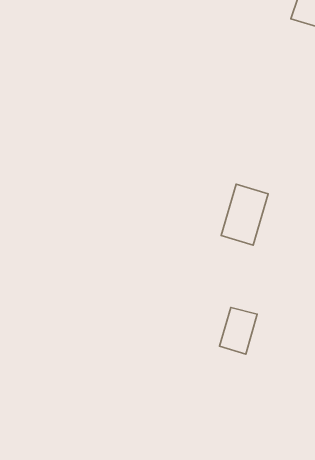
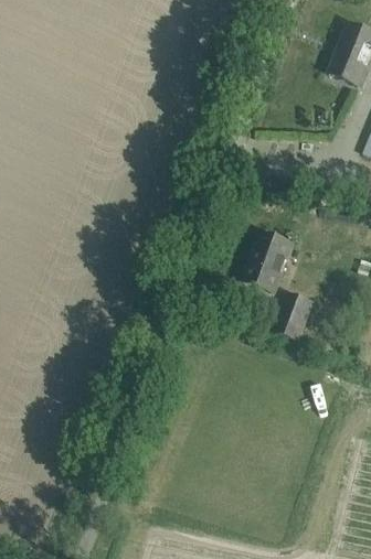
building: [219,307,257,354] -> [274,292,314,340]

